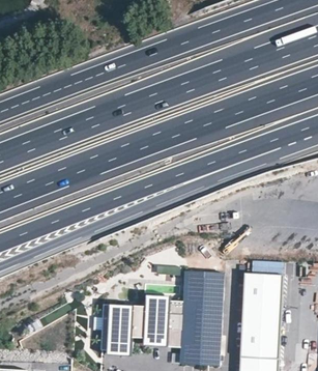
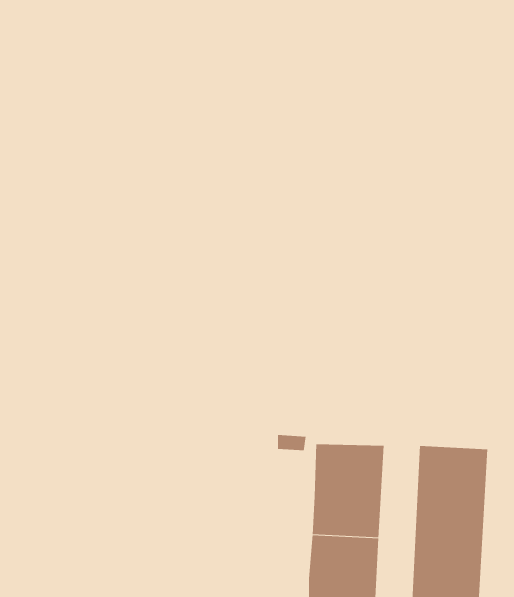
building: [100,298,183,352] -> none

